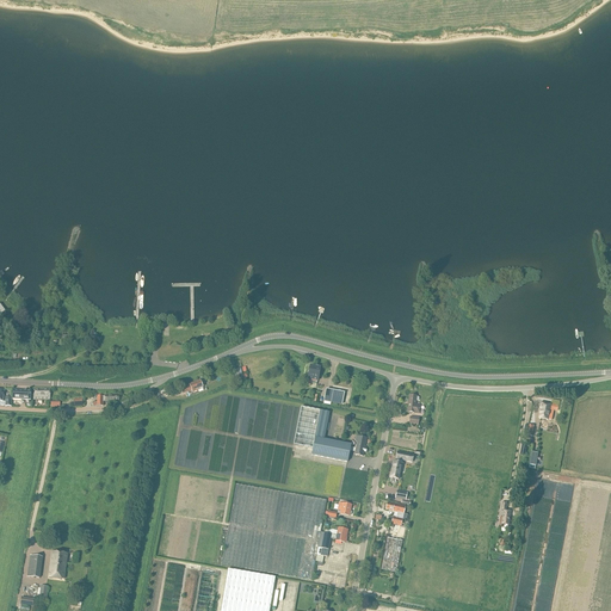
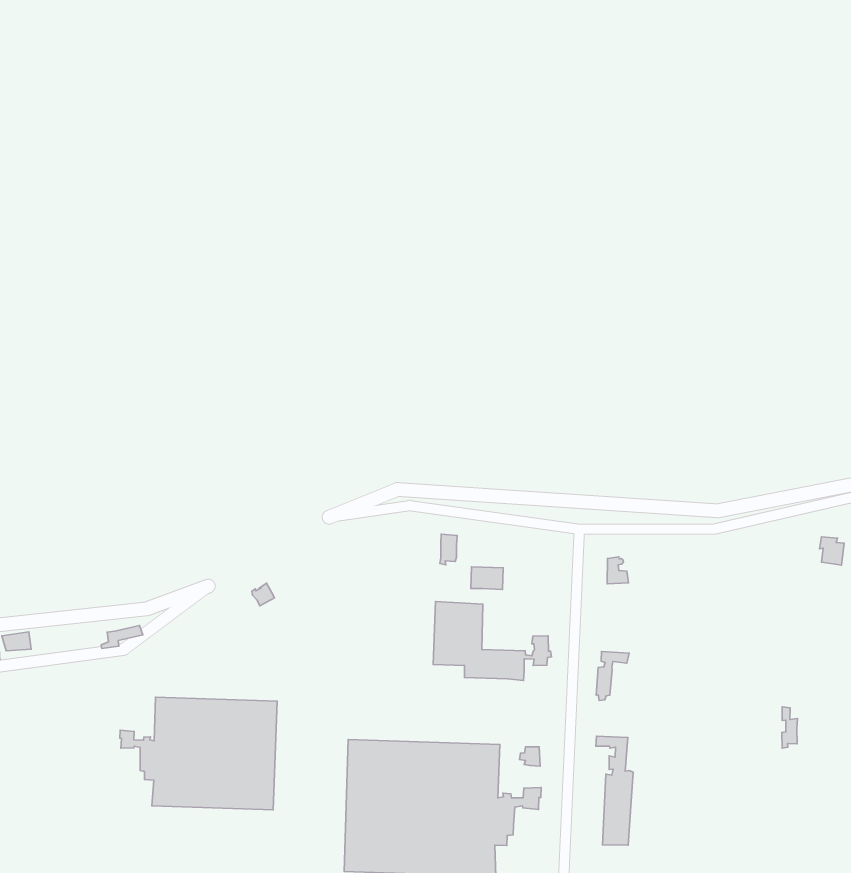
building: none -> [120,697,277,810]

